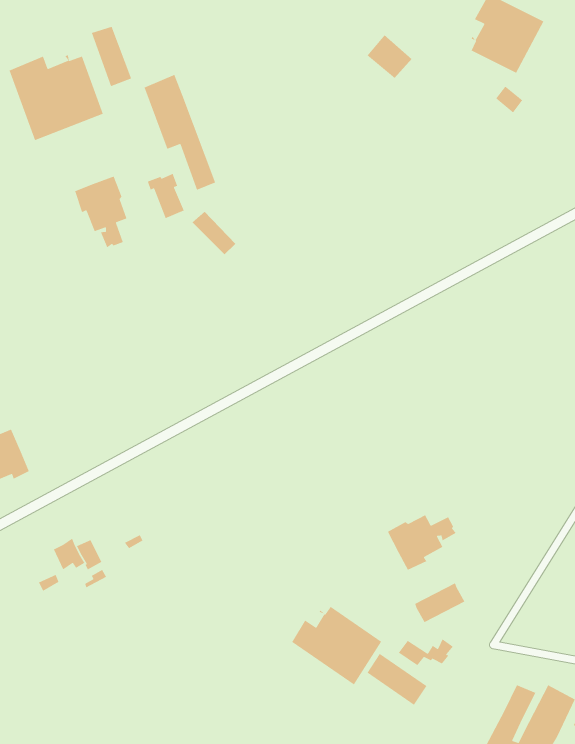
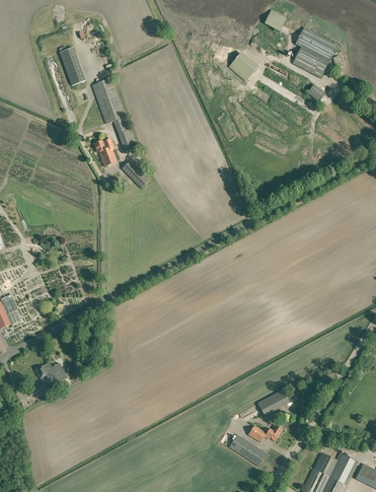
building: [9,54,104,141] -> none
building: [74,175,128,248] -> none
building: [387,514,457,571] -> none
building: [291,606,382,686] -> none

